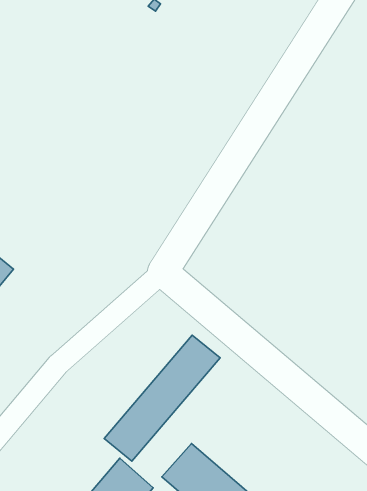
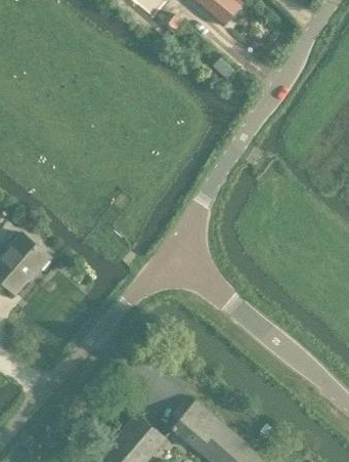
building: [104,335,220,461] -> none

